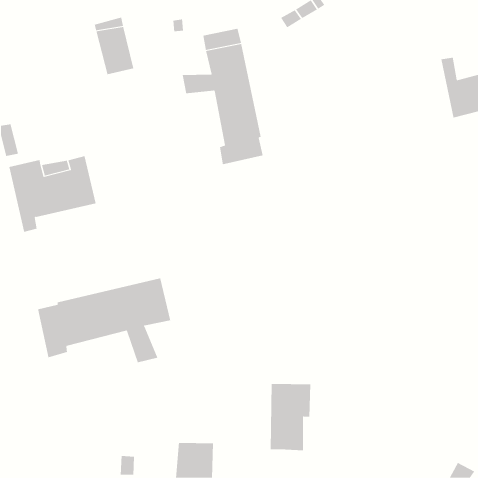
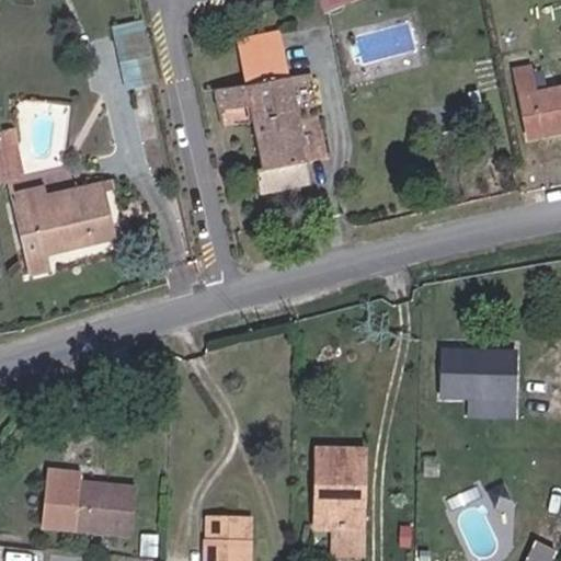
building: [37,277,171,363] -> none
building: none -> [443,348,516,417]
building: none -> [44,472,136,535]
building: none -> [333,488,364,553]

